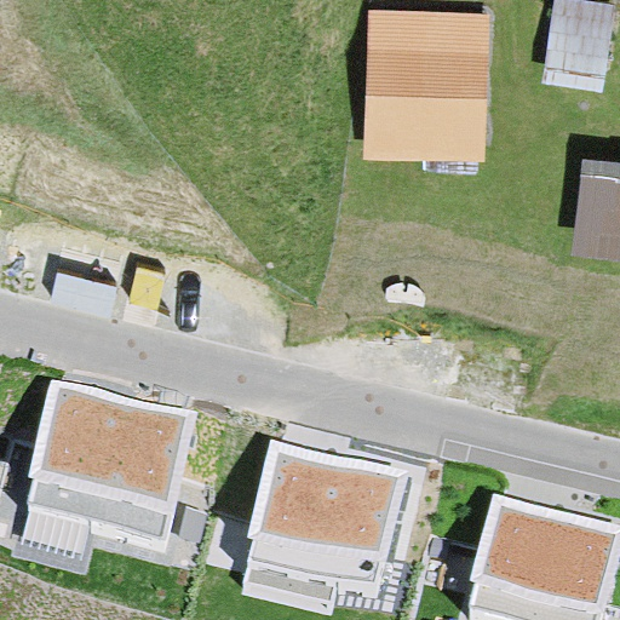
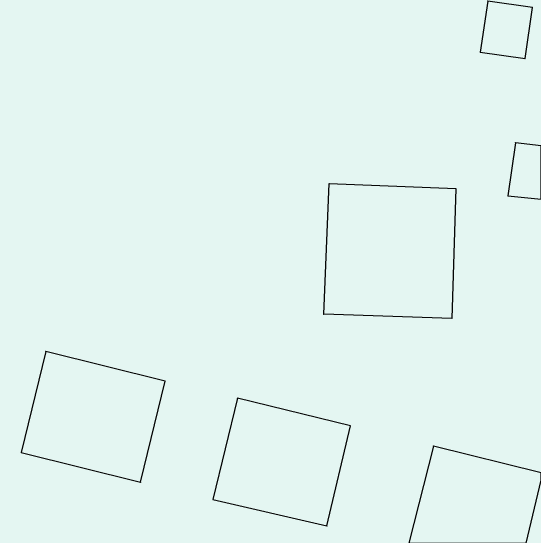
building: [367,8,481,147] -> none
building: none -> [324,184,456,318]

